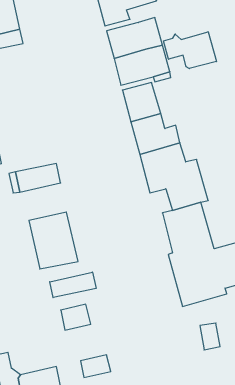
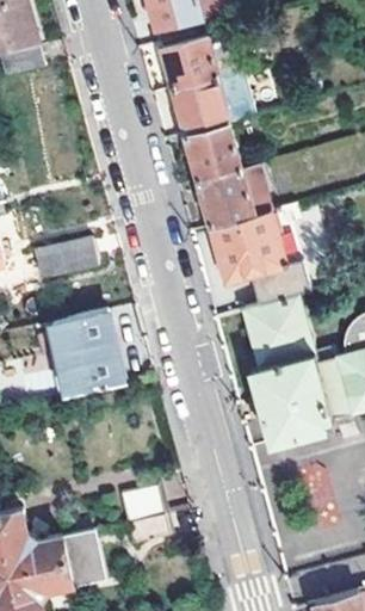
building: [164,32,216,69] -> none
building: [50,272,96,298] -> none
building: [61,304,91,330] -> [120,486,163,523]

